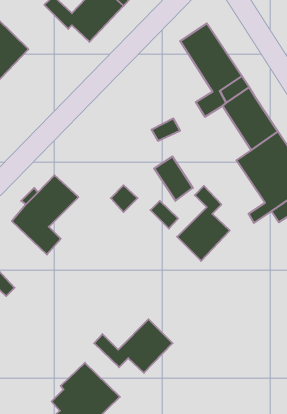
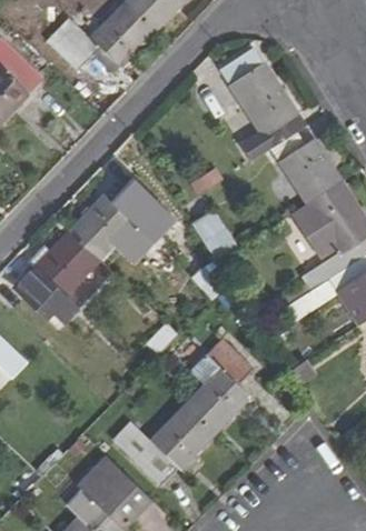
building: none -> [70,180,161,259]
building: [177,186,230,261] -> [184,344,247,434]

